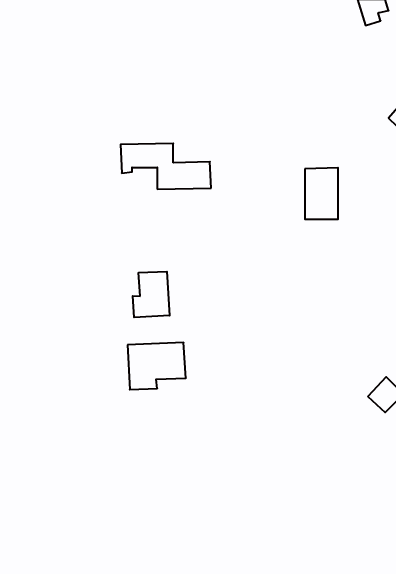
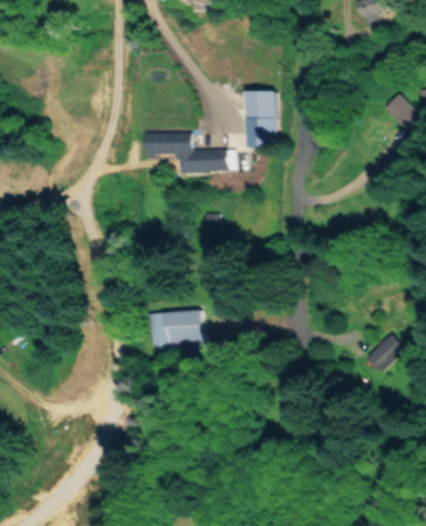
building: [305,168,338,219] -> [245,90,275,137]
building: [133,272,170,317] -> none

